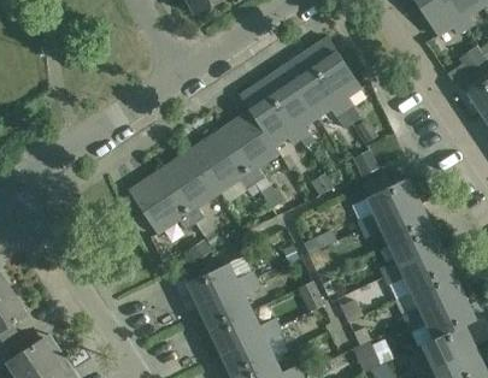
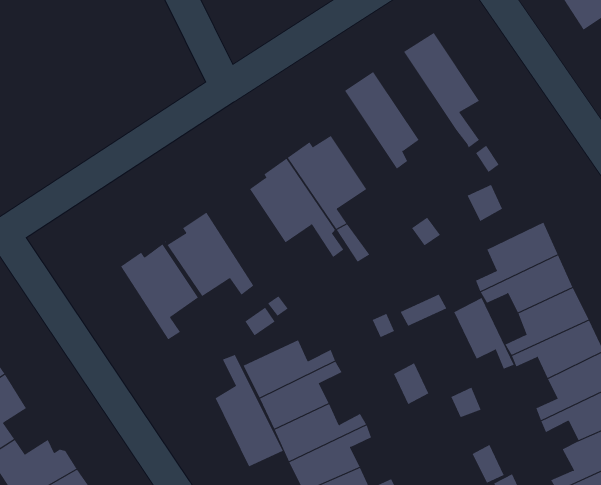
building: [283,52,352,128] -> none
building: [240,81,300,146] -> none
building: [160,153,218,224] -> [120,244,199,340]
building: none -> [453,297,514,369]
building: none -> [215,354,284,467]

